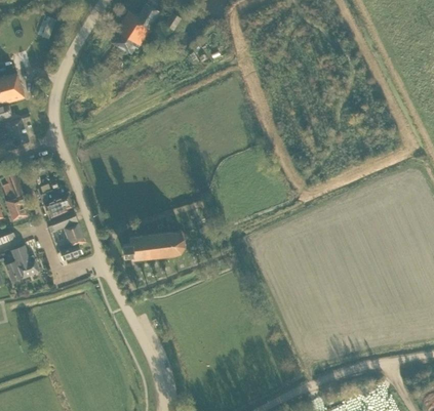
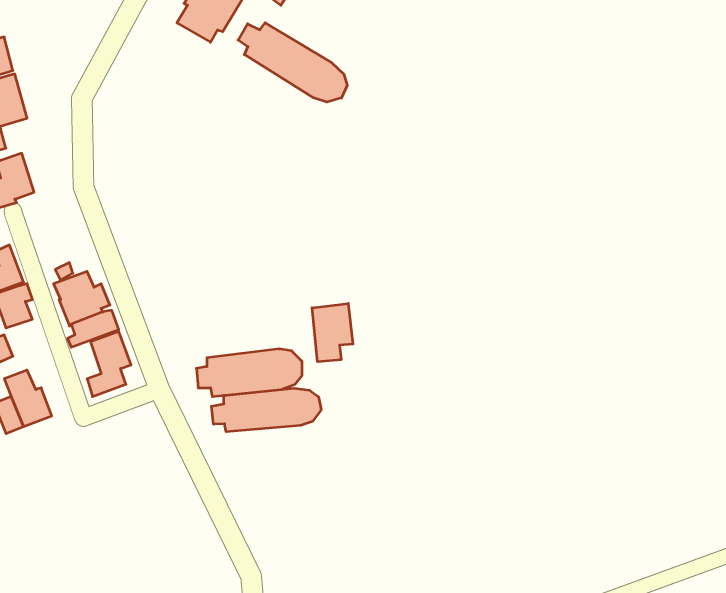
building: none -> [238,23,347,102]
building: none -> [312,303,353,362]
building: none -> [211,388,321,432]

